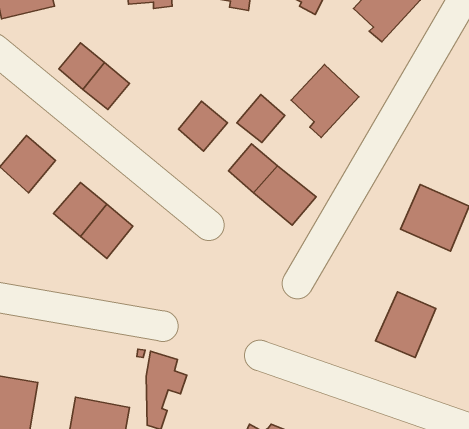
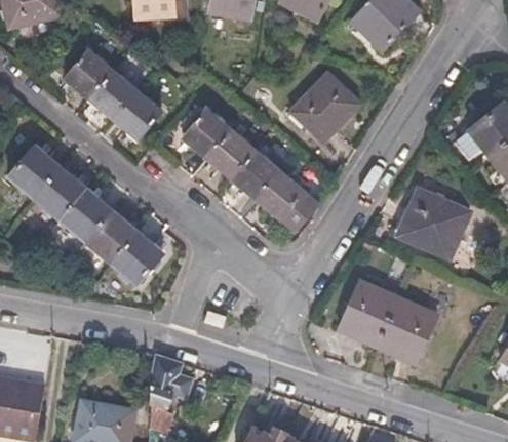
building: none -> [112,91,160,139]
building: [237,95,285,143] -> [206,130,253,177]
building: none -> [34,167,85,219]
building: none -> [111,232,163,285]
building: none -> [339,280,397,345]

